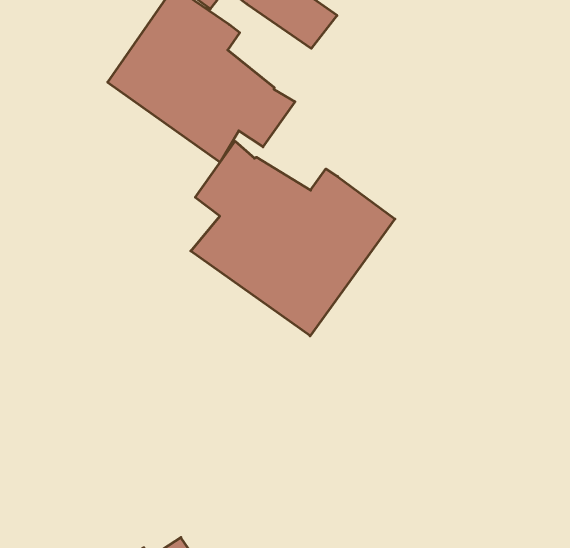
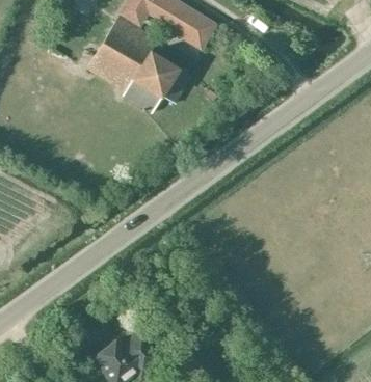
building: [191,141,395,336] -> none

